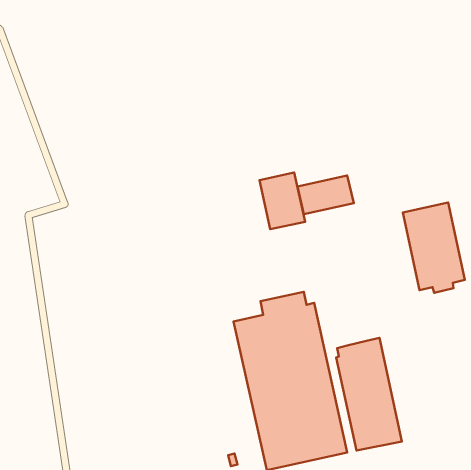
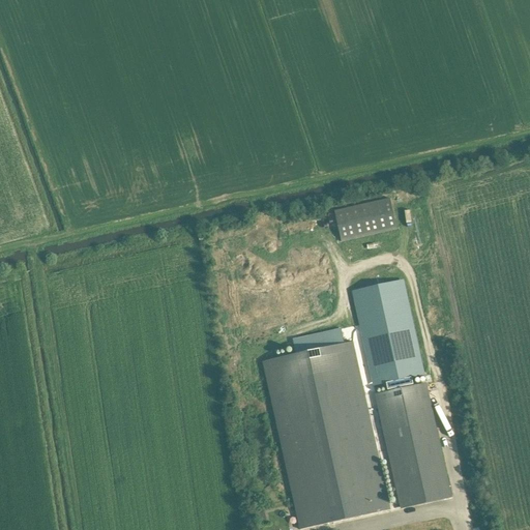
building: [259,173,305,229] -> none
building: [403,202,465,293] -> [354,286,423,387]

